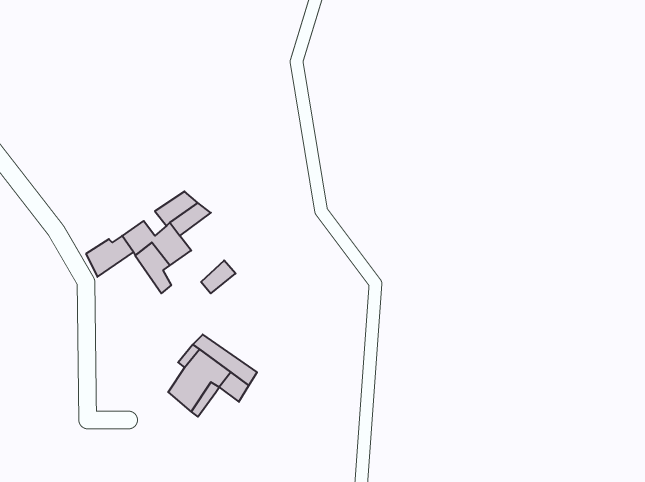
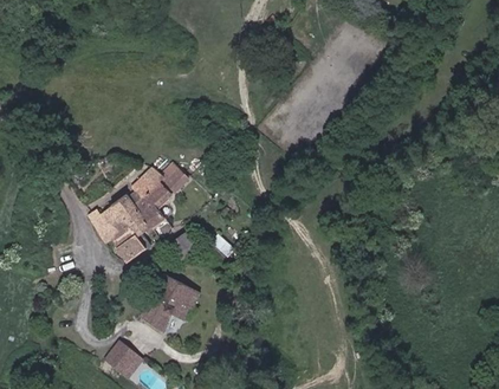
building: none -> [157,160,192,189]
building: none -> [95,218,141,258]
building: none -> [108,344,141,377]

